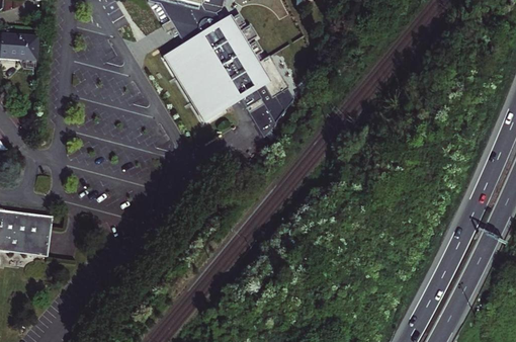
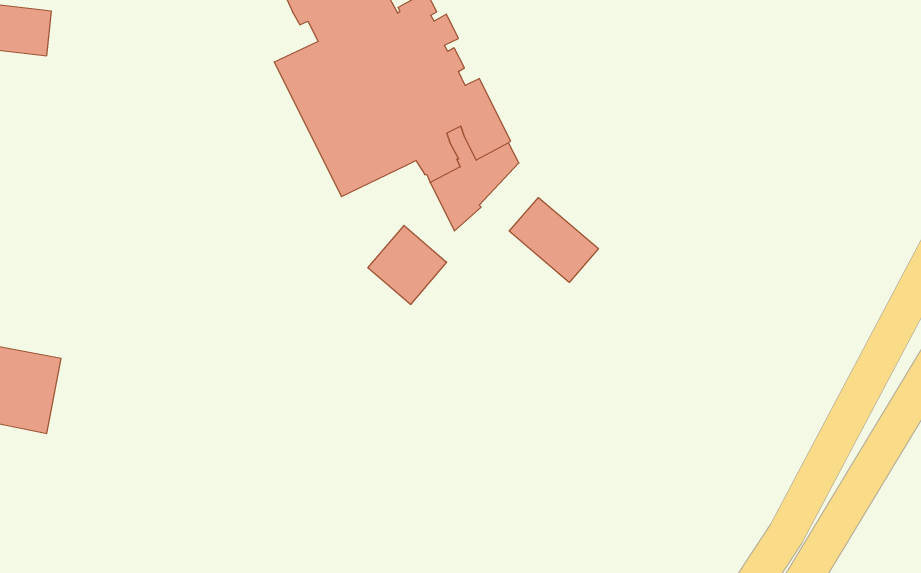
building: none -> [509,198,598,282]
building: none -> [368,225,447,305]

